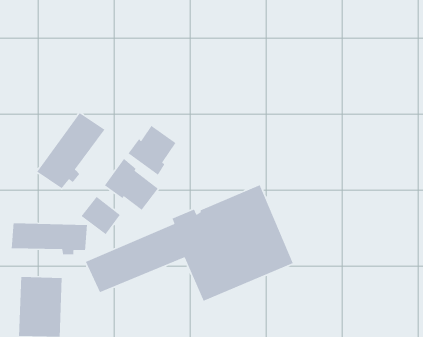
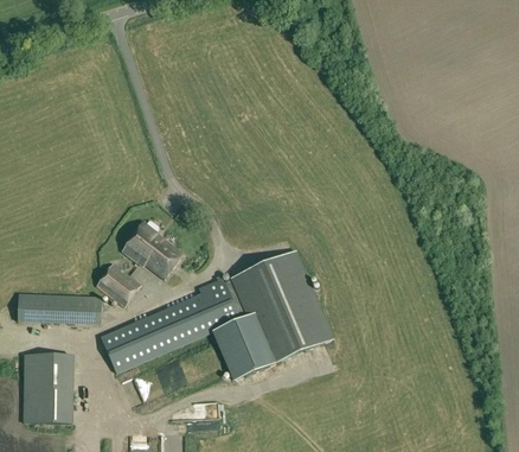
building: [36,112,106,189] -> none
building: [128,125,176,176] -> none

